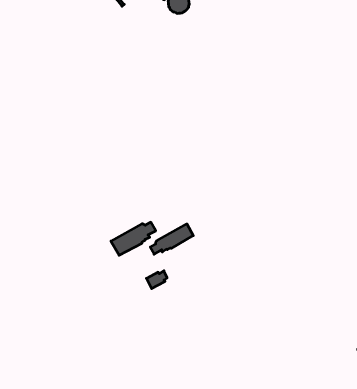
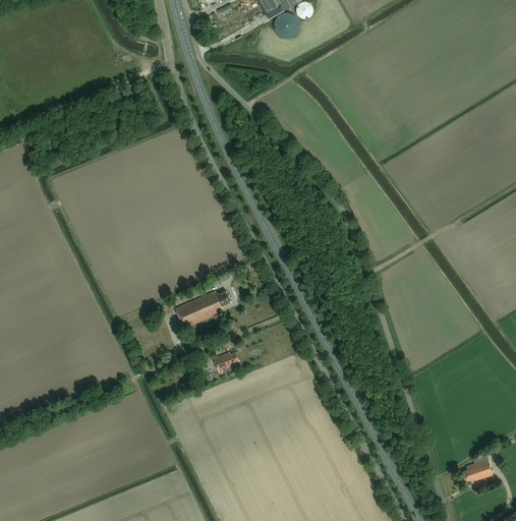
building: [150,224,193,254] -> none

